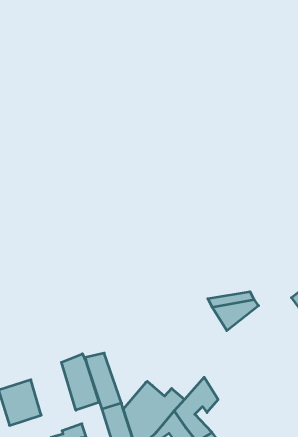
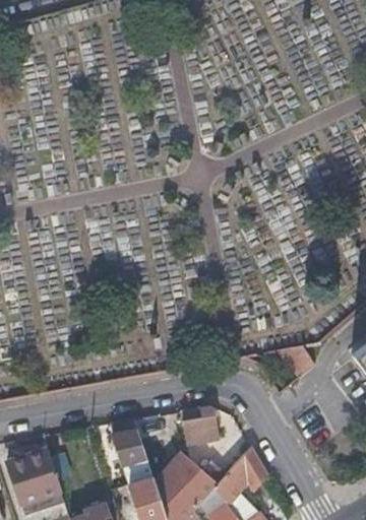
building: none -> [180,405,219,443]
building: [61,354,99,410] -> none

